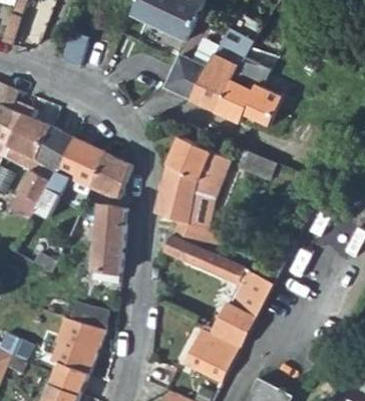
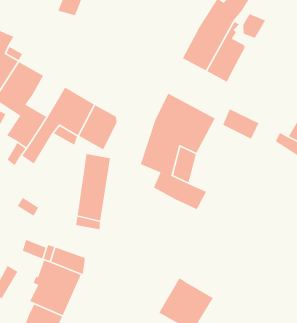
building: [163,53,207,99] -> none
building: [244,83,283,124] -> none
building: [35,127,73,169] -> none
building: [164,235,273,345] -> none

